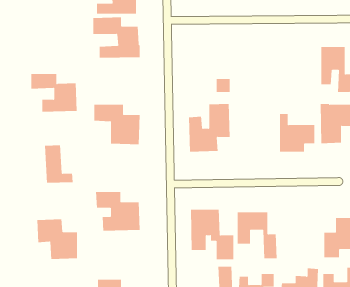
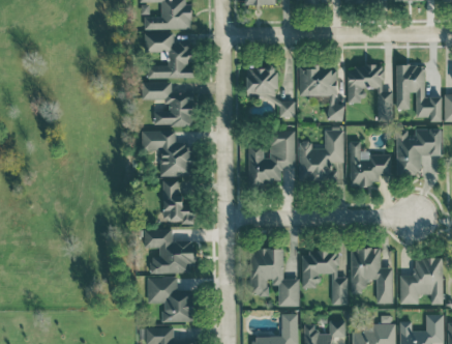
building: none -> [299,65,344,120]
building: none -> [348,65,393,121]
building: none -> [247,67,278,98]
building: [30,74,77,112] -> [142,82,194,125]
building: none -> [299,130,344,181]
building: [44,145,74,183] -> [162,179,195,223]
building: none -> [351,248,393,304]
building: [37,219,78,259] -> [148,277,194,322]

